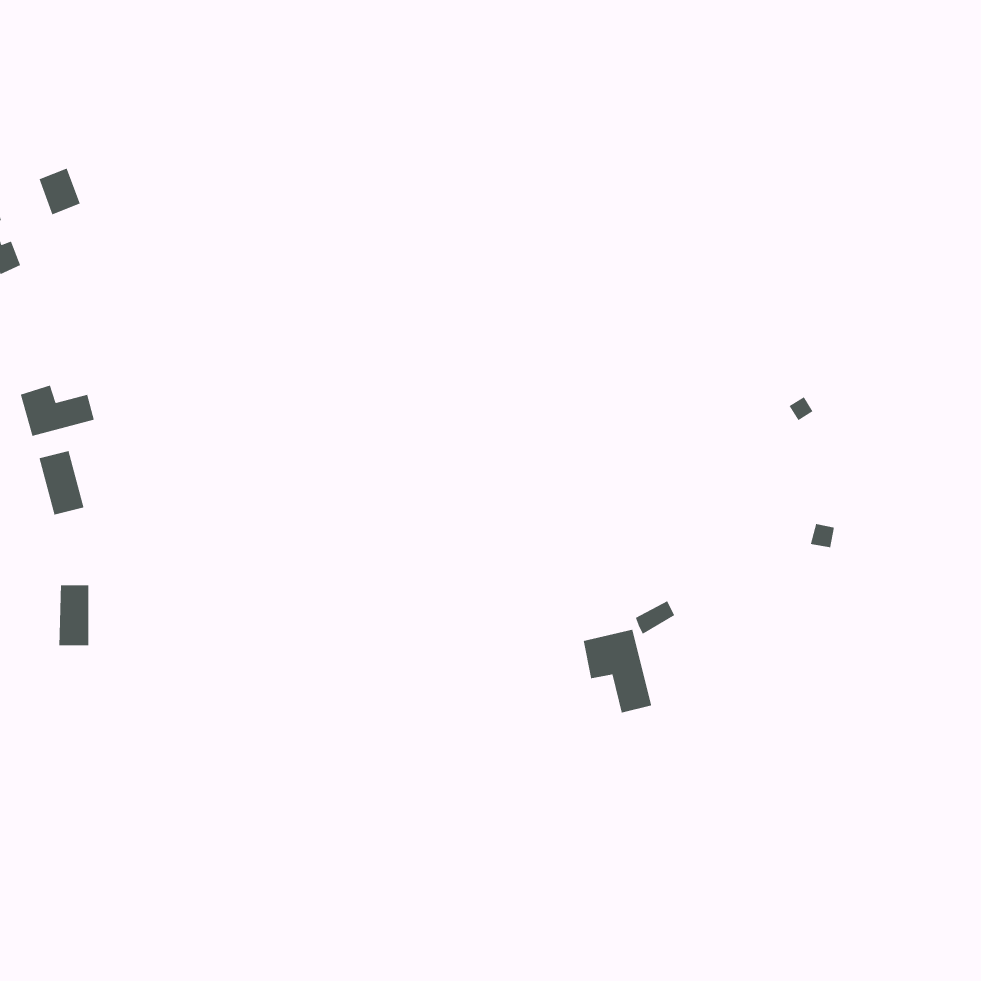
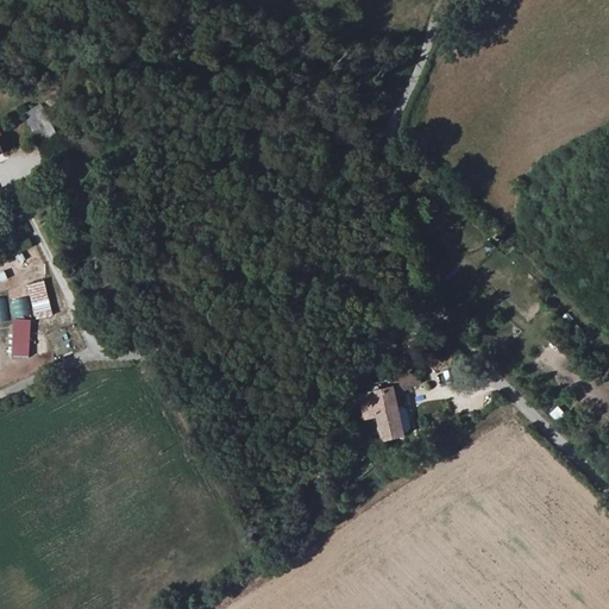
building: [20,384,95,437] -> none
building: [58,585,89,646] -> [10,318,29,356]

